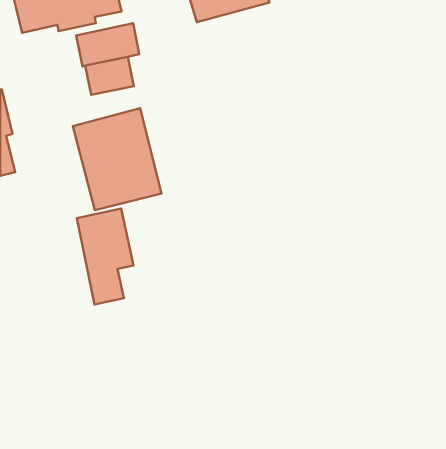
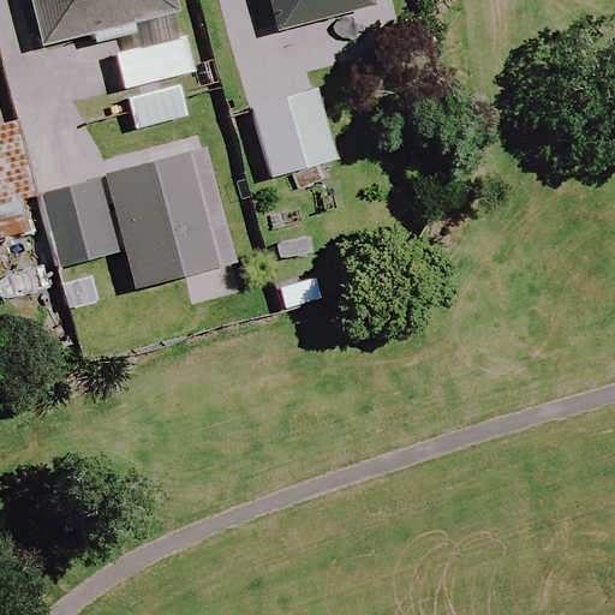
building: none -> [251,86,338,177]
building: [77,209,134,304] -> [40,178,117,308]

